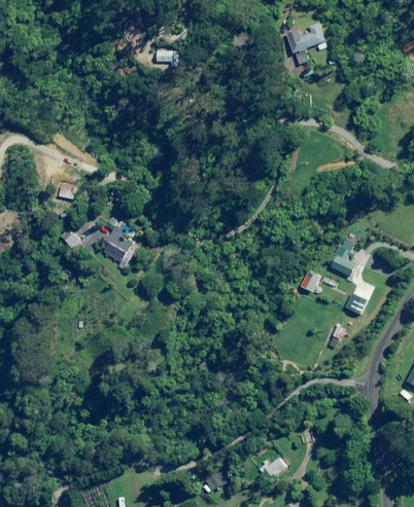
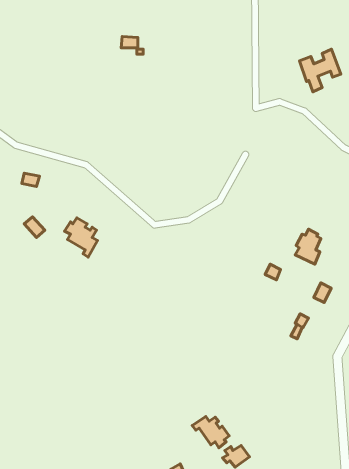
building: [285,22,326,64] -> [299,49,341,92]
building: none -> [192,416,229,448]

